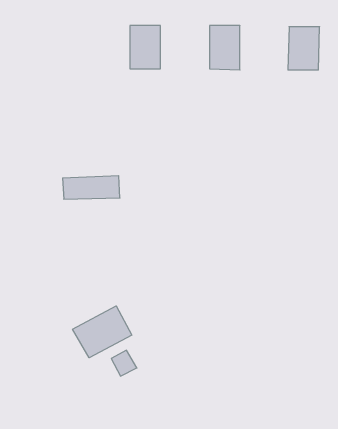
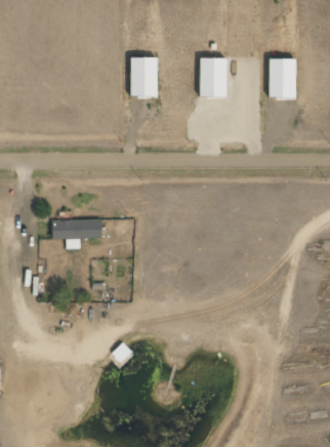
building: [63,176,120,199] -> [54,218,105,239]
building: [73,306,132,358] -> none

